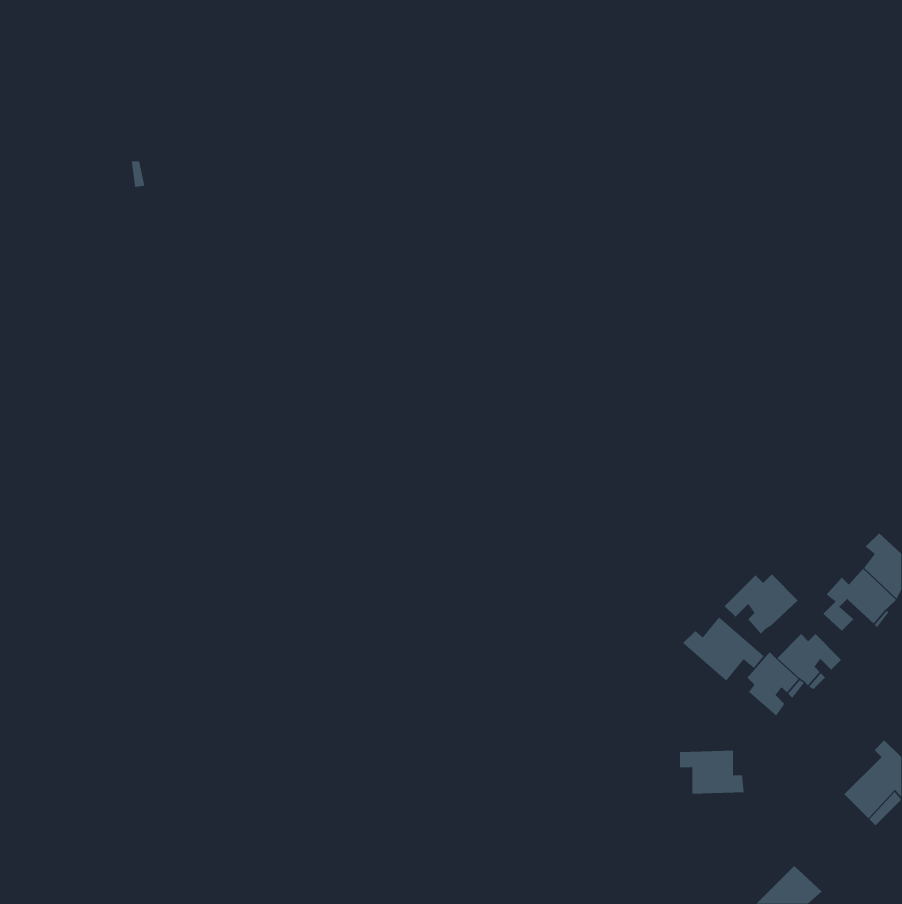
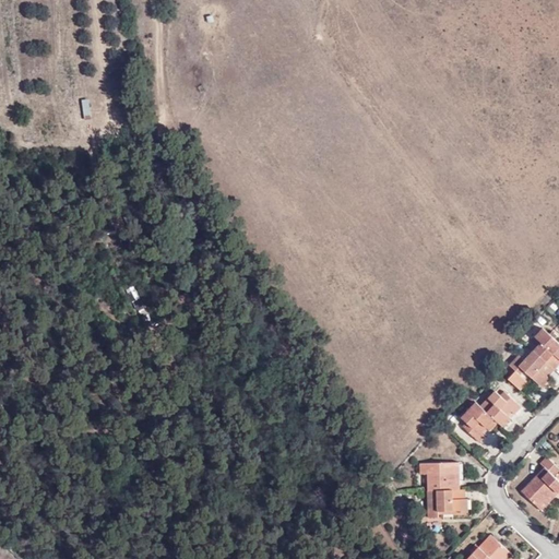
building: [724,574,799,635] -> none
building: [682,616,764,682] -> none
building: none -> [426,489,465,518]

